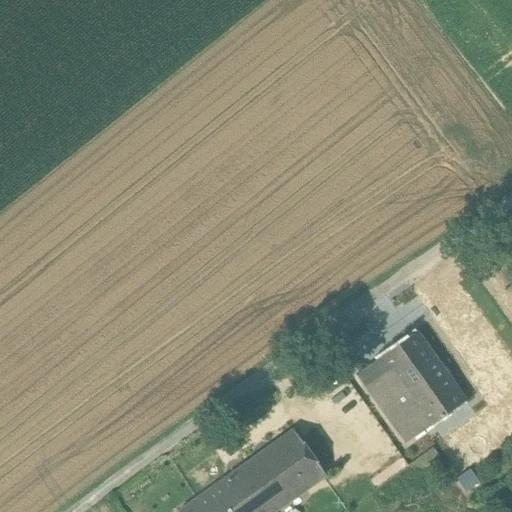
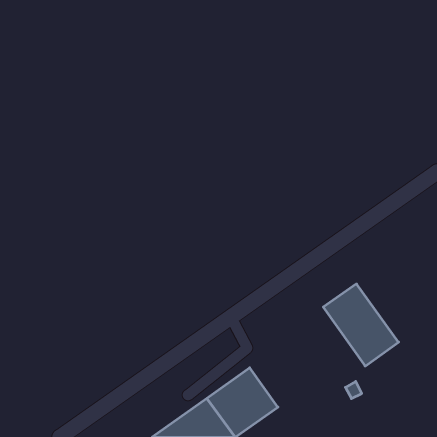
building: [357,359,427,443] -> none

